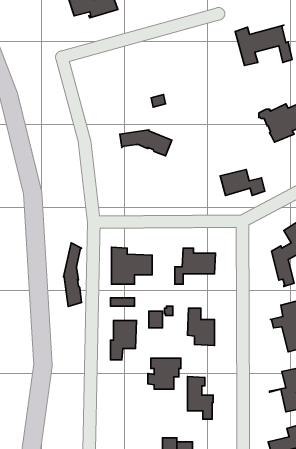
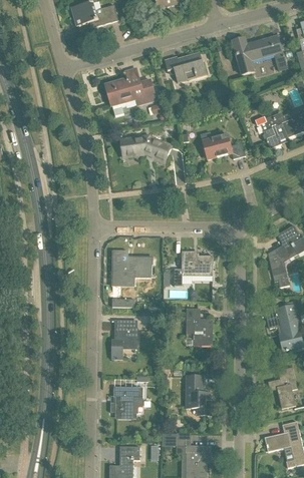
building: none -> [165,52,206,81]
building: none -> [104,67,156,105]
building: [220,170,265,195] -> [202,133,245,158]
building: [63,243,81,307] -> none
building: [148,358,181,389] -> [110,386,142,416]

